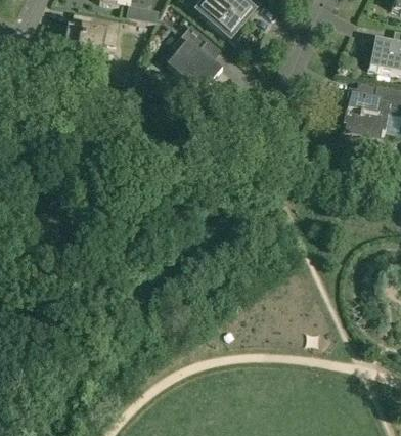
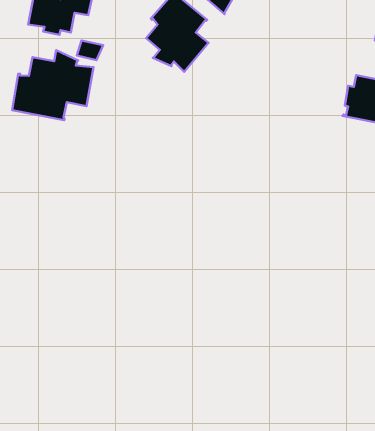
building: none -> [12,50,94,120]

